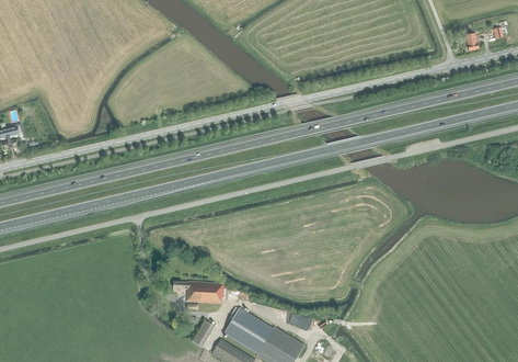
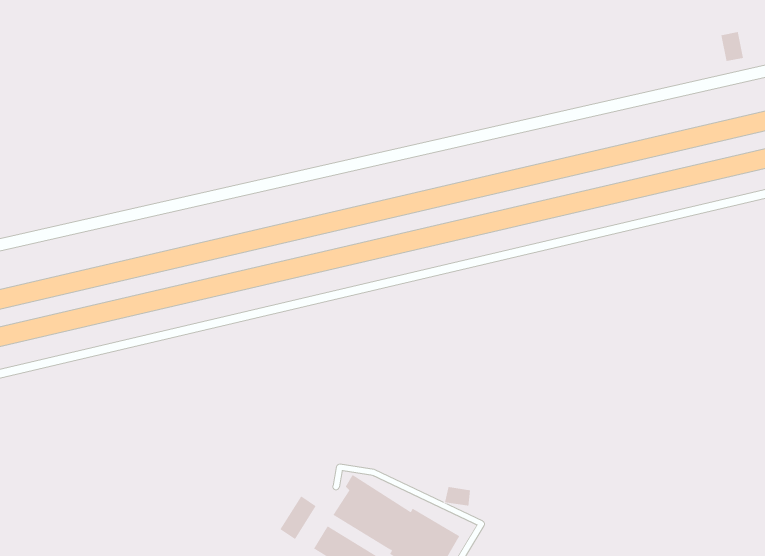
building: [172,281,223,303] -> none

